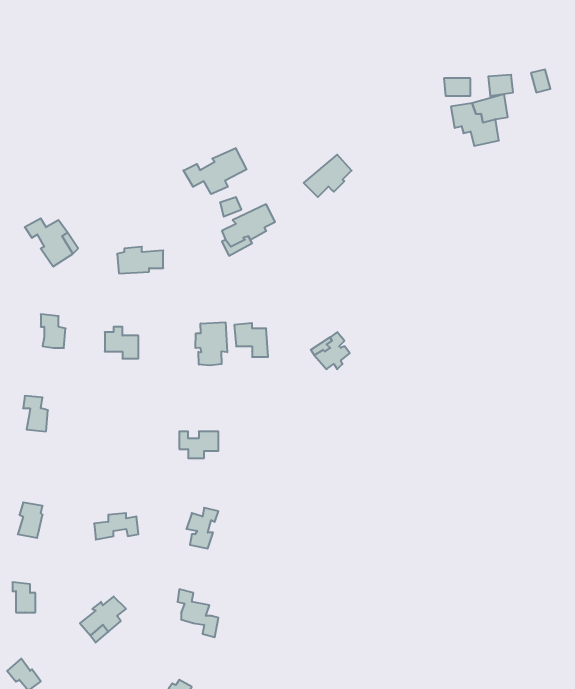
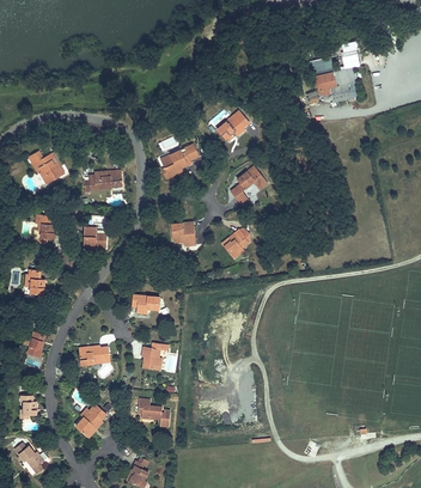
building: [183,148,246,194] -> none
building: none -> [232,167,270,201]
building: [195,322,227,365] -> none

